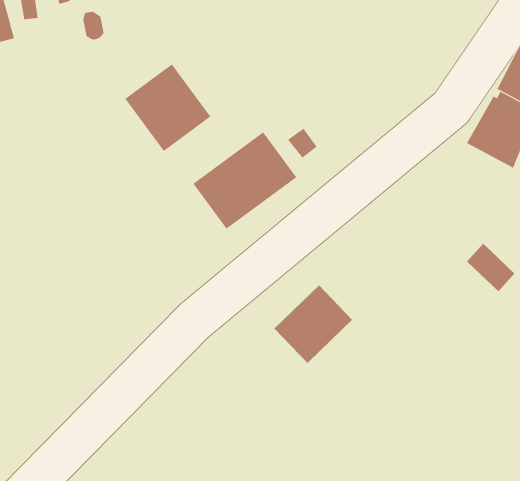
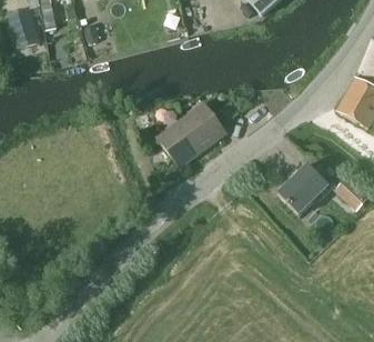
building: [125,64,211,152] -> none
building: [274,284,353,364] -> [276,162,328,214]

